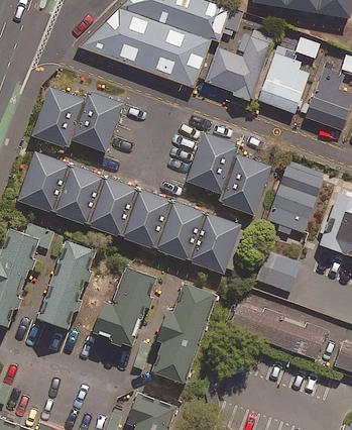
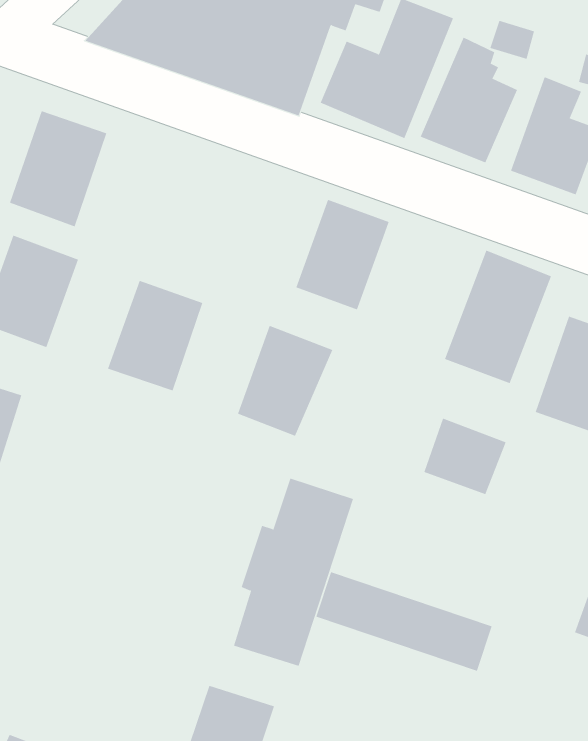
building: [73,91,125,152] -> none
building: [218,153,272,215] -> none
building: [54,166,104,224] -> none
building: [122,189,173,248] -> none
building: [188,214,242,274] -> none
building: [39,238,98,329] -> none
building: [93,263,159,347] -> none
building: [230,305,325,358] -> [315,572,492,672]

